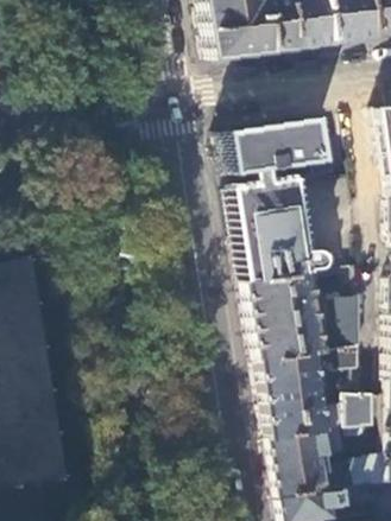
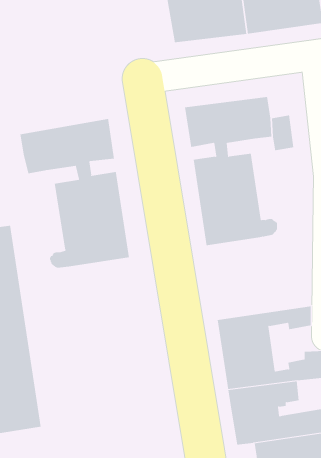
building: none -> [20,118,129,268]
building: [245,271,361,361] -> none

